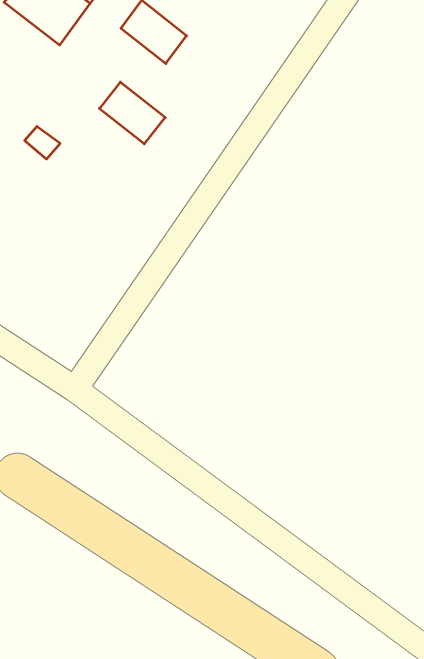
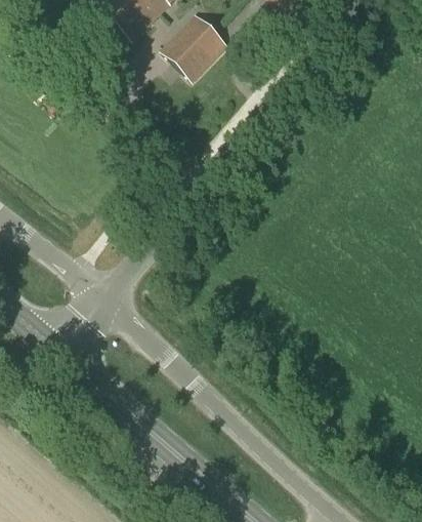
building: [99,82,165,144] -> [163,31,210,78]

